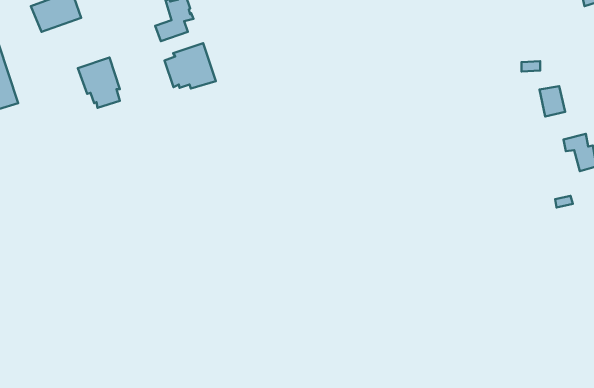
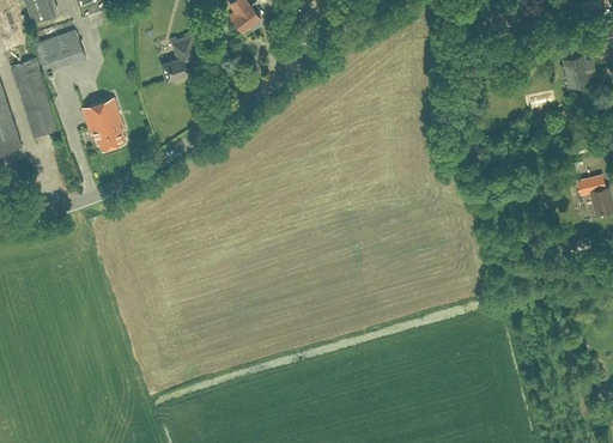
building: none -> [10,57,59,138]
building: [164,43,216,89] -> none
building: [539,86,565,117] -> [563,56,589,87]

